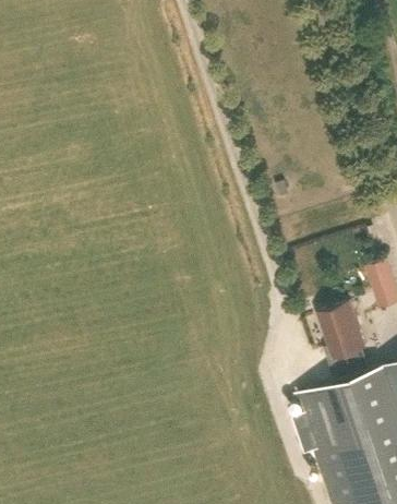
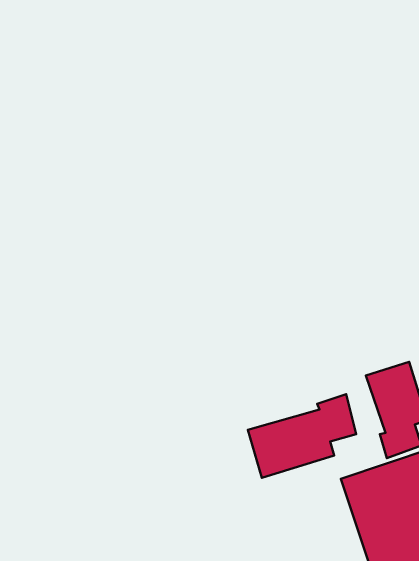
building: none -> [248,394,356,478]

